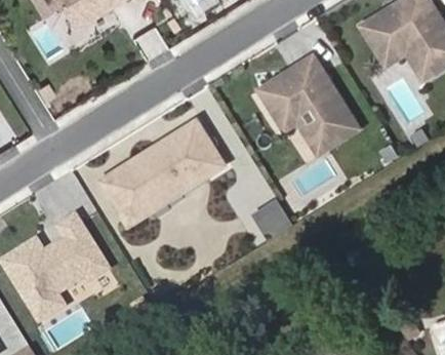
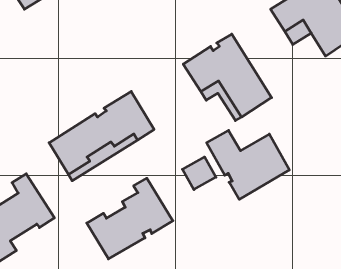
building: none -> [207,130,289,199]
building: none -> [87,178,173,259]

